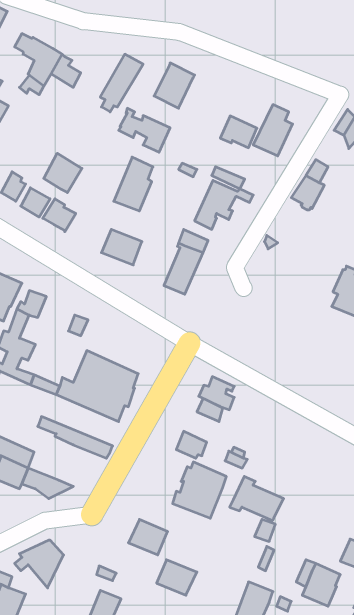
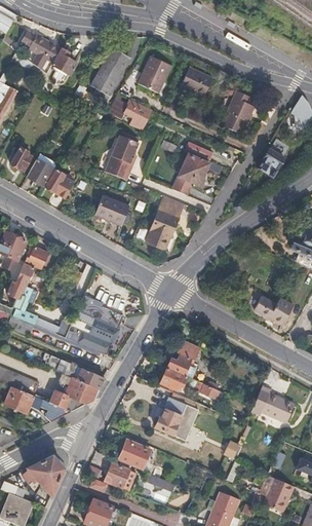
building: [220,116,257,148] -> [182,68,212,95]
building: [44,153,82,193] -> none
building: none -> [254,296,290,325]
building: [199,377,234,410] -> [163,348,193,376]
building: none -> [58,376,99,411]
building: [230,476,284,521] -> [247,384,292,421]
building: none -> [104,461,136,489]

